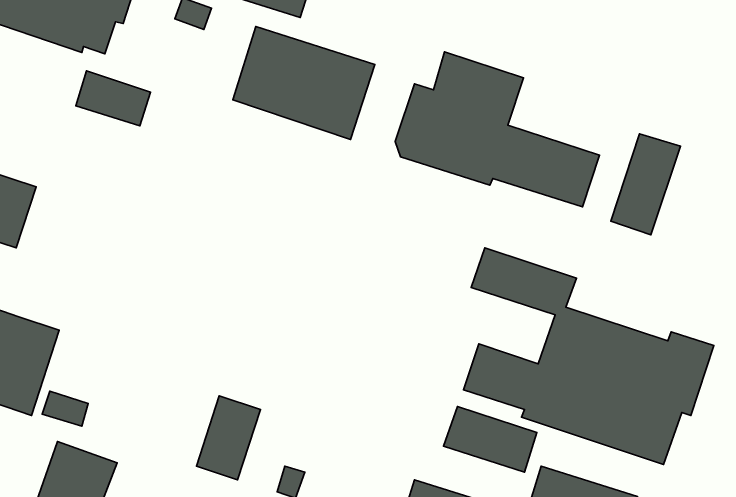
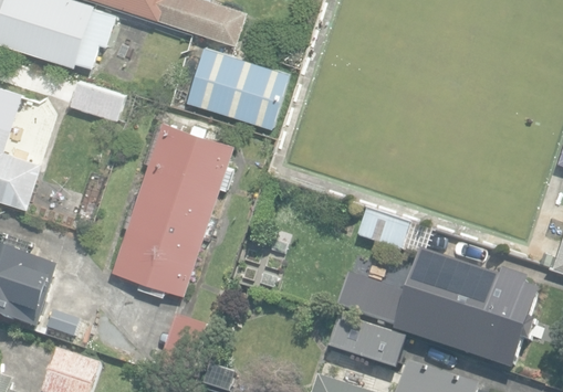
building: [395,52,599,207] -> none
building: none -> [112,119,233,294]
building: [611,134,680,235] -> none

